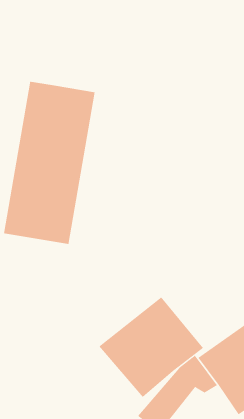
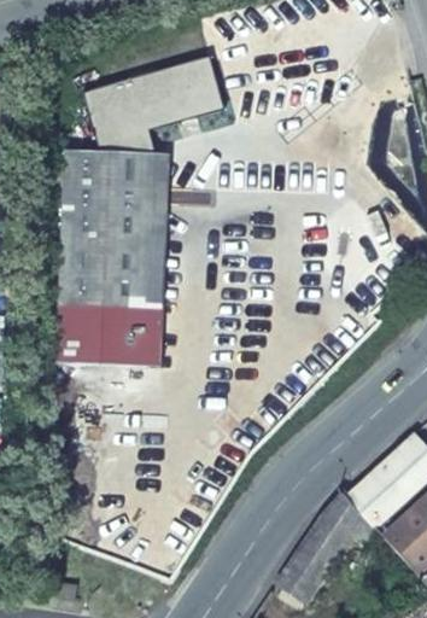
building: none -> [89,53,232,151]
building: [99,296,204,398] -> none

